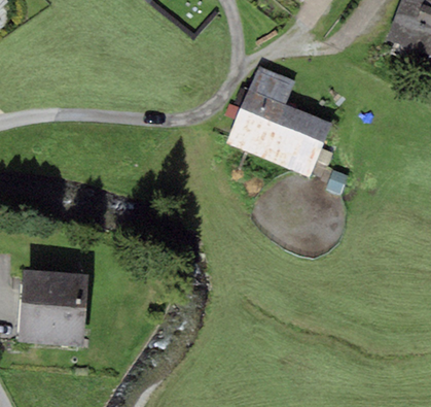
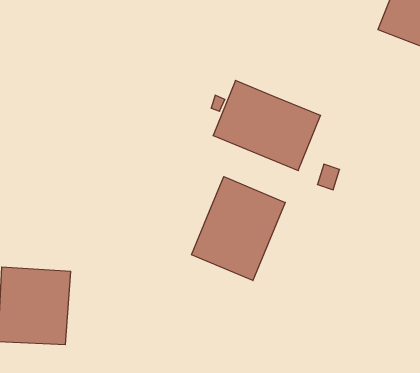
building: [248,66,294,104] -> none
building: none -> [191,177,285,281]

